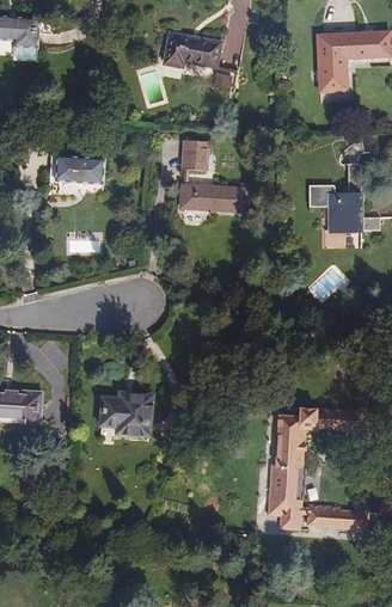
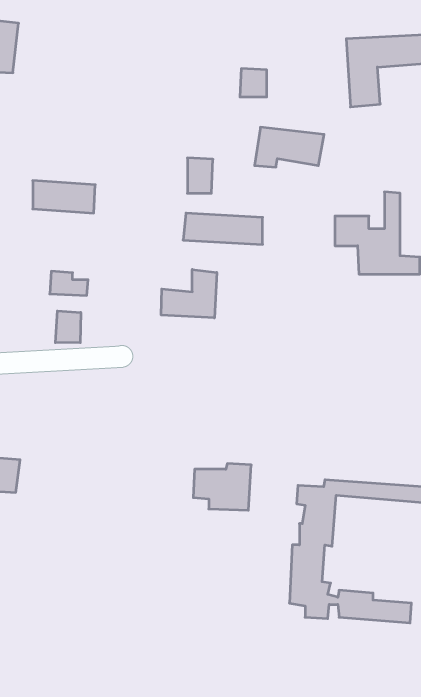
building: [161,32,220,66] -> [255,127,324,167]
building: none -> [161,269,217,318]
building: none -> [55,311,81,343]
building: [102,391,151,430] -> [193,464,251,510]

